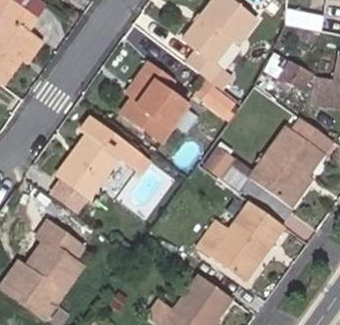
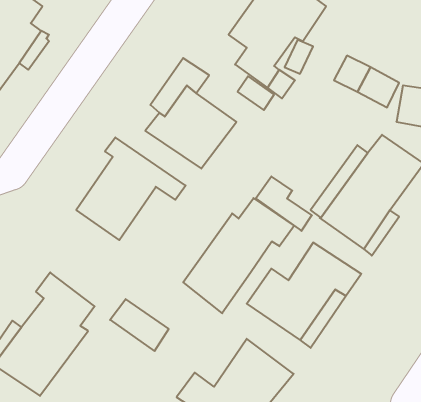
building: none -> [183,198,294,313]
building: [52,175,97,215] -> [110,299,169,351]

